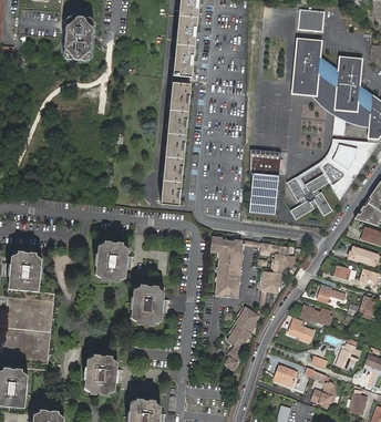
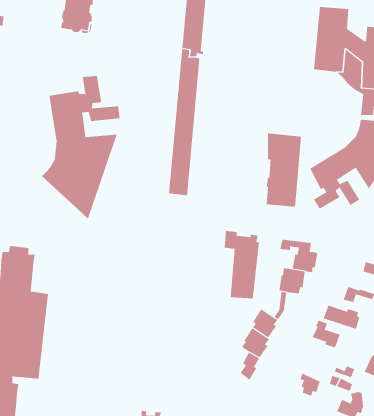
building: none -> [41,75,120,220]
building: [95,240,128,282] -> none
building: [131,284,165,326] -> none
building: [84,353,117,395] -> none

